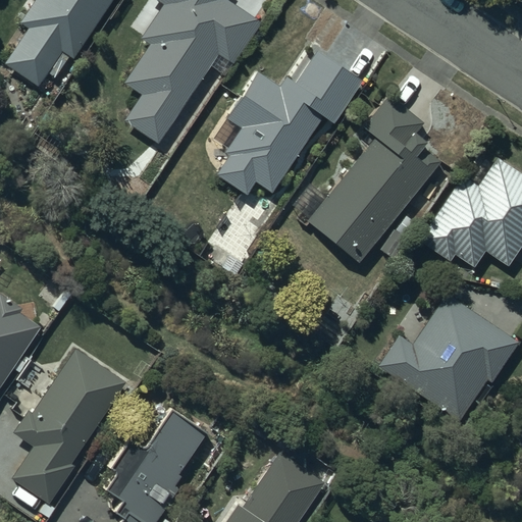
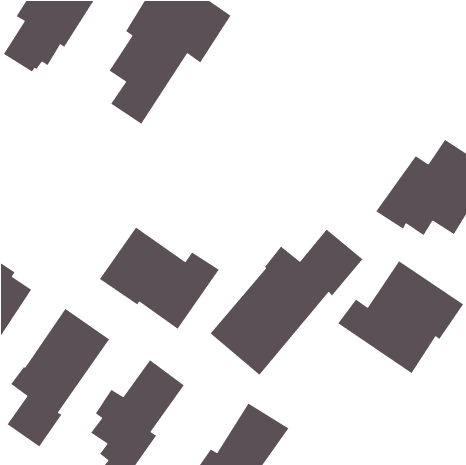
building: [218,48,364,192] -> none
building: [309,95,440,260] -> none
building: none -> [99,226,220,330]
building: none -> [209,228,363,376]

